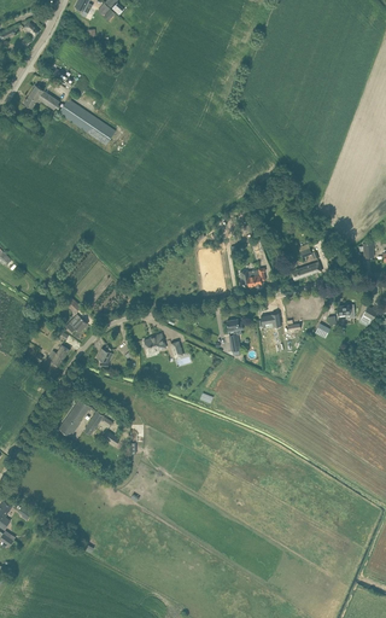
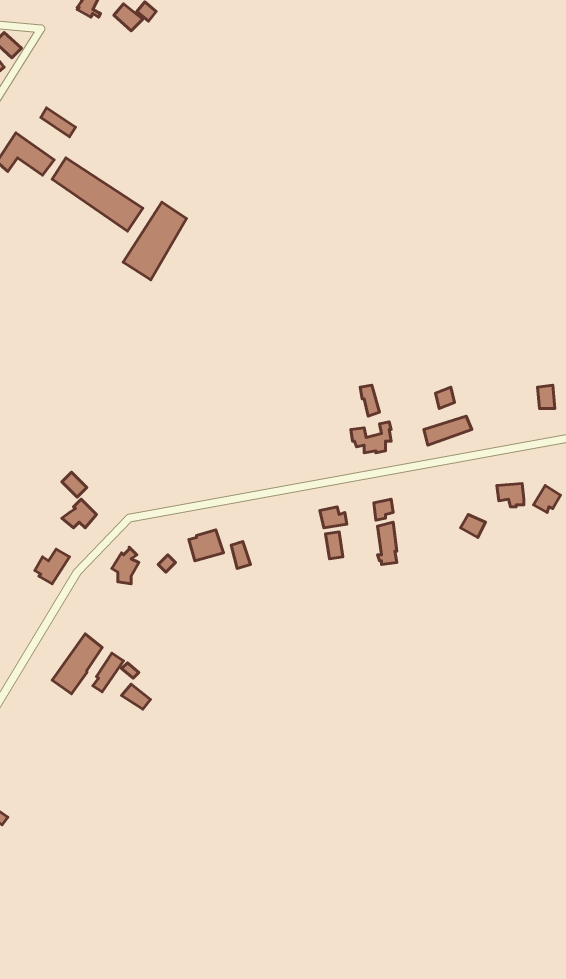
building: none -> [123,202,187,280]

